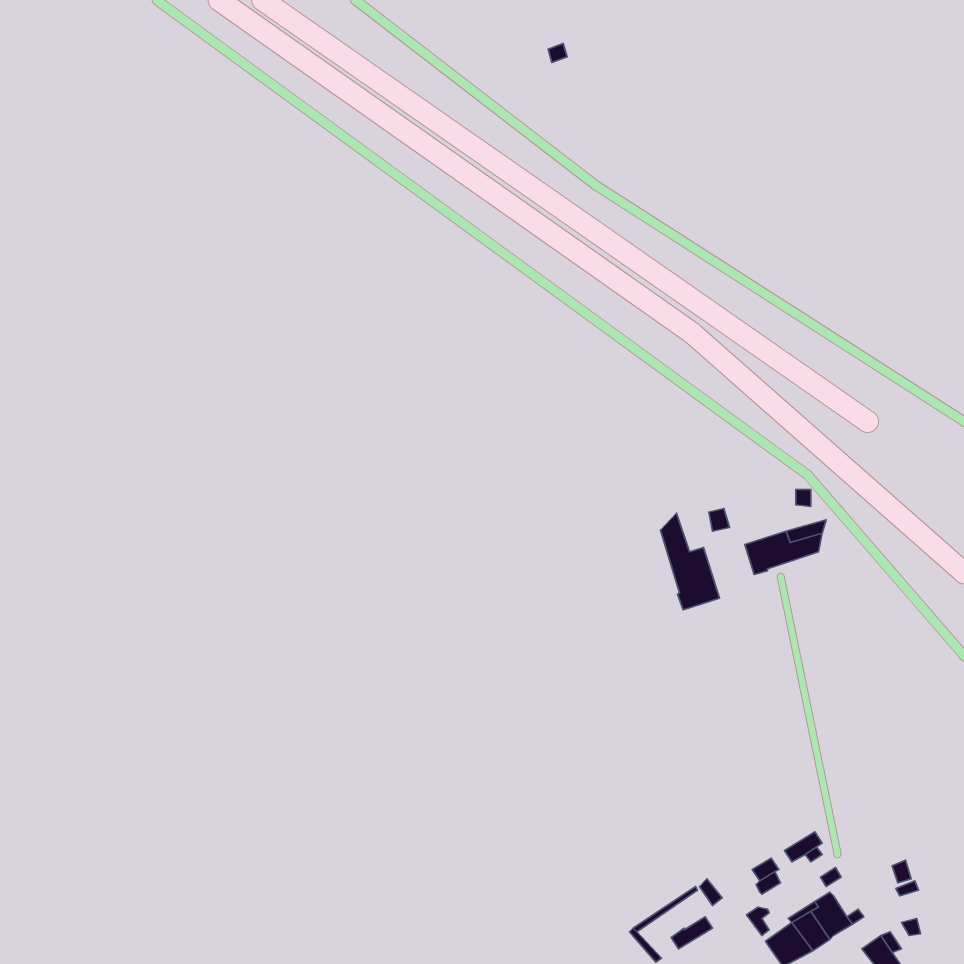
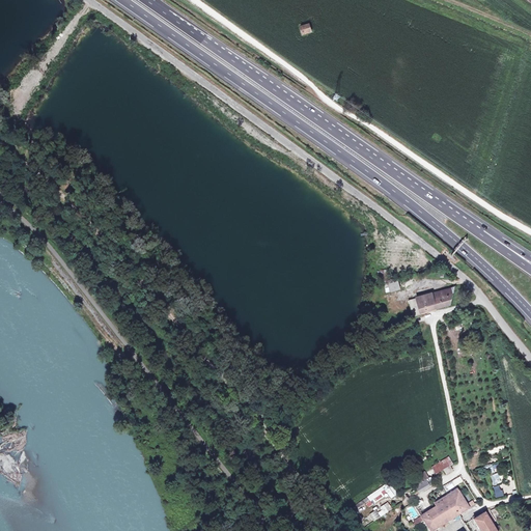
building: [660,513,720,610] -> none

